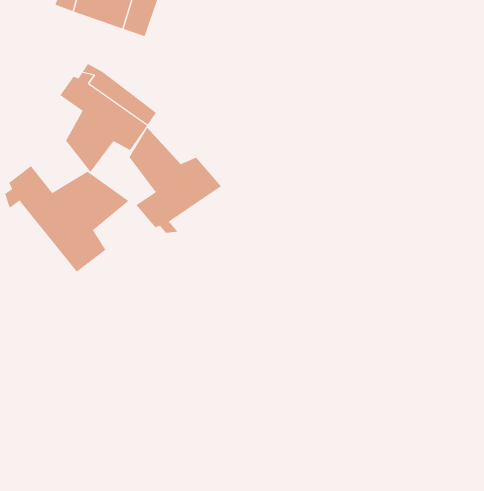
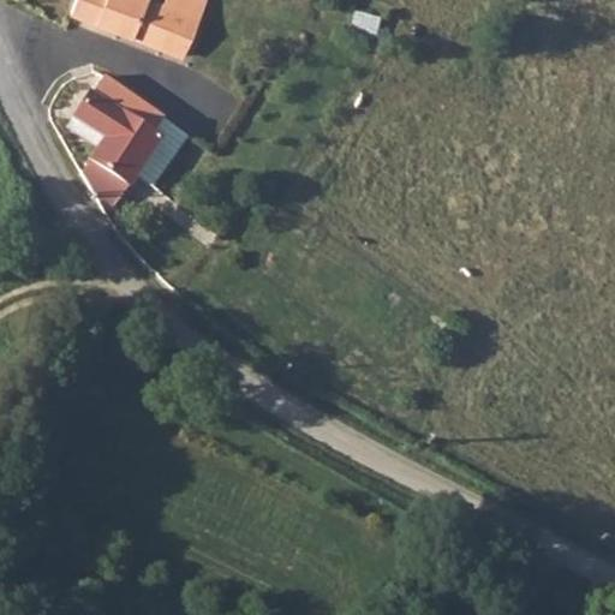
building: [129,127,222,233] -> none
building: [5,165,129,273] -> none

